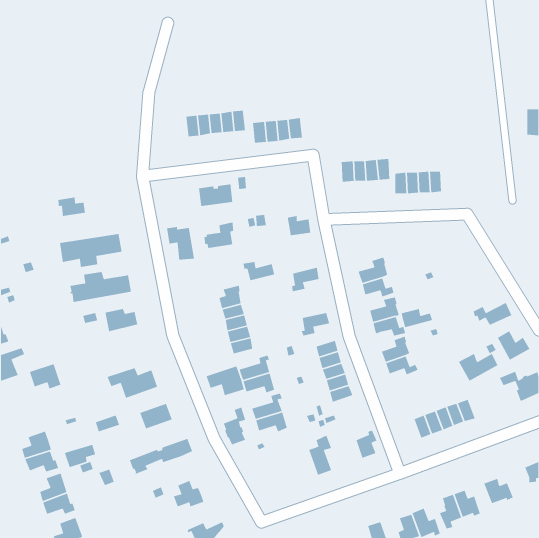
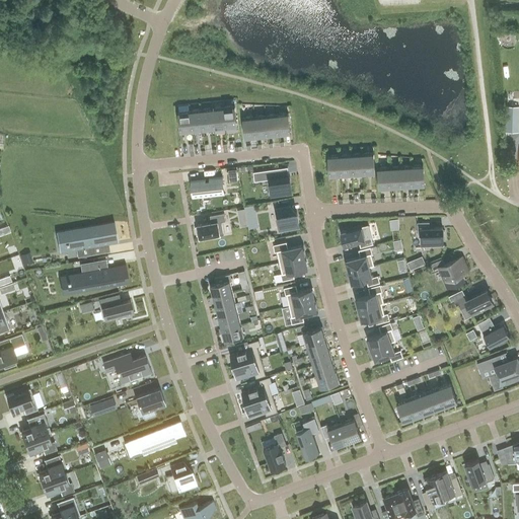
building: none -> [253,169,291,195]
building: [57,196,86,217] -> none
building: [166,226,195,260] -> none
building: none -> [417,223,445,244]
building: none -> [341,226,372,248]
building: [243,261,275,281] -> [274,244,305,264]
building: none -> [431,257,466,288]
building: none -> [283,287,314,306]
building: [401,308,433,328] -> none
building: [458,353,499,382] -> none
building: [29,363,62,389] -> [6,389,38,415]
building: [206,366,245,396] -> none
building: [223,406,246,445] -> [264,433,286,470]
building: none -> [320,424,348,447]
building: [64,444,96,468] -> none

